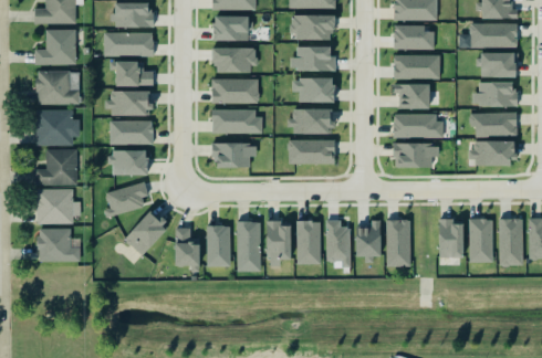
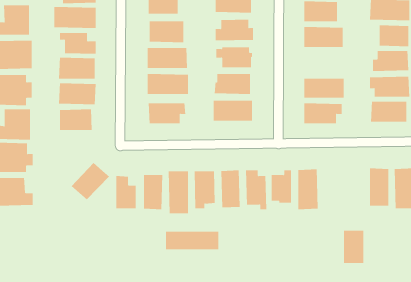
building: [394,83,430,108] -> none
building: [104,181,149,215] -> none
building: [439,219,463,257] -> [343,230,364,263]
building: none -> [166,231,219,250]

